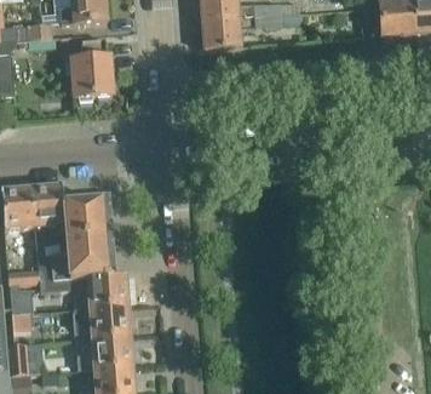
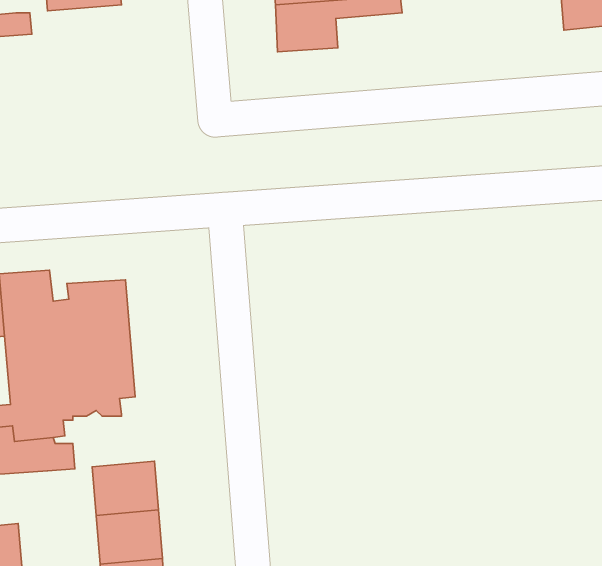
building: [68,39,111,97] -> none
building: [75,273,127,308] -> none

